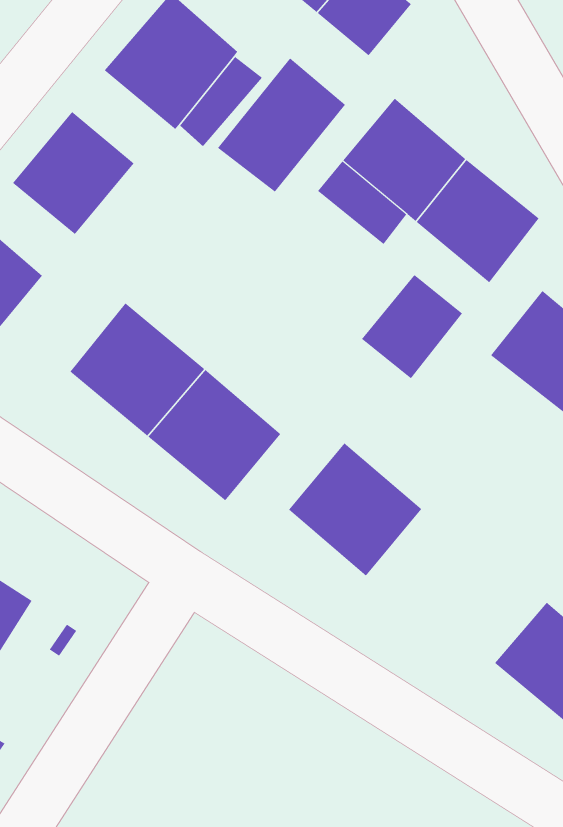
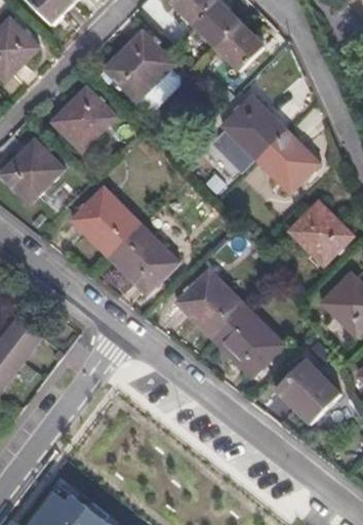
building: [217,58,346,193] -> none
building: [361,274,463,379] -> none
building: none -> [214,307,284,376]

